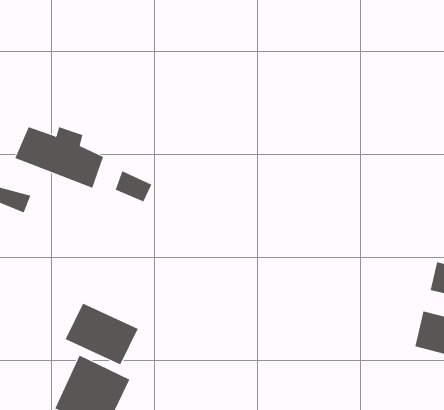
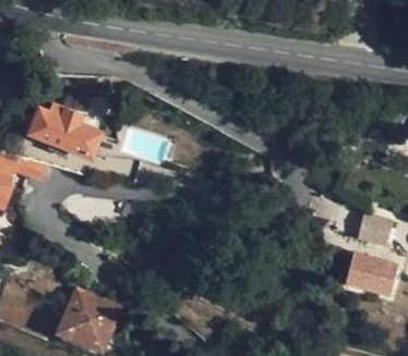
building: [65,303,139,365] -> none

